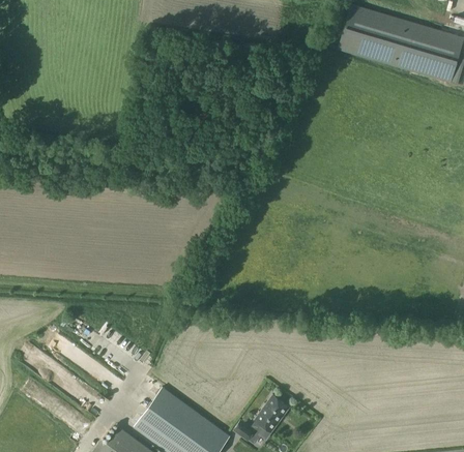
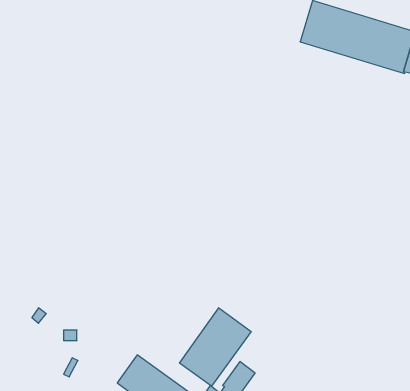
building: none -> [180,308,251,386]

